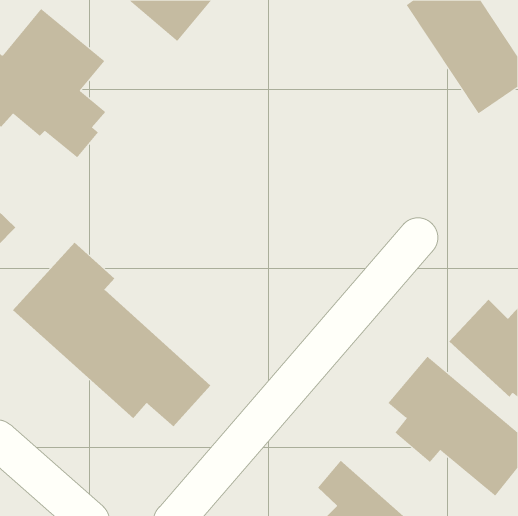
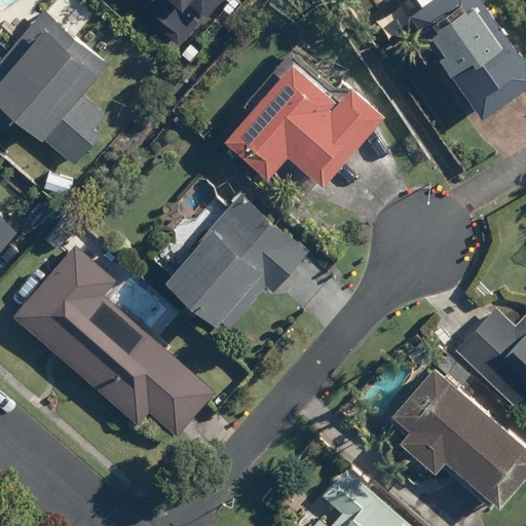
building: none -> [223,66,386,189]
building: none -> [164,194,310,329]

